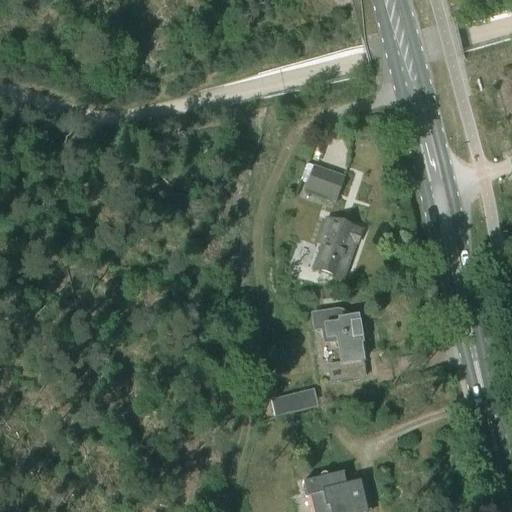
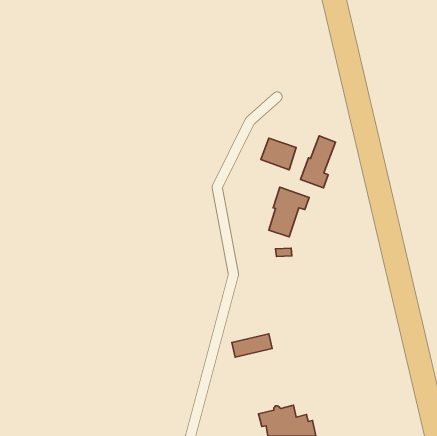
building: none -> [300,136,335,188]
building: [306,308,366,382] -> none

